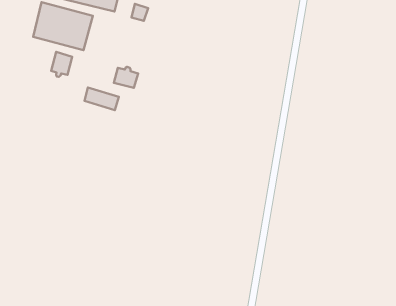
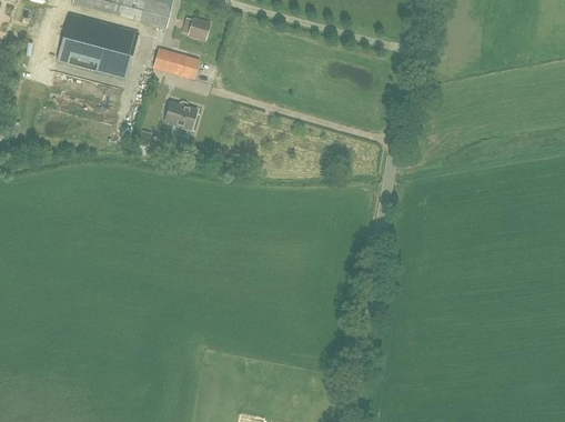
building: [51,52,72,77] -> none
building: [85,87,119,110] -> [153,49,199,79]

